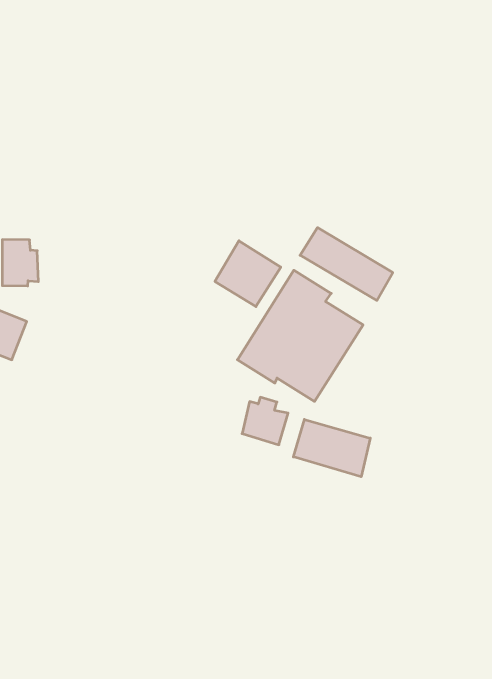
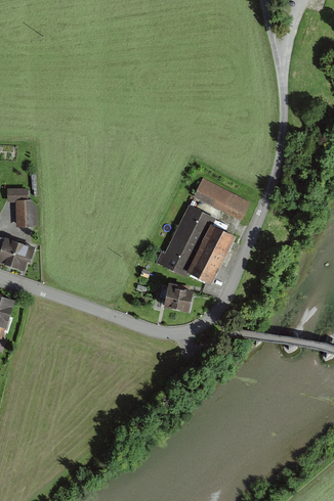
building: [215,241,281,307] -> none
building: [293,419,370,477] -> none

